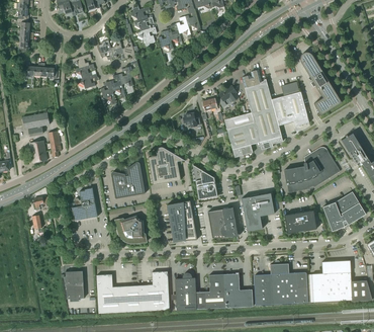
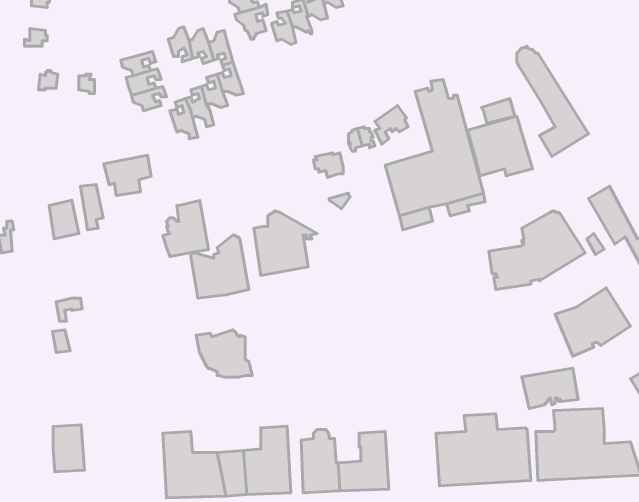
building: [22,111,50,135] -> [104,155,151,195]
building: [192,164,217,198] -> none
building: [72,186,98,219] -> [163,200,208,256]
building: [242,192,274,230] -> none
building: [167,200,197,241] -> none
building: [207,206,237,236] -> none
building: [284,210,316,233] -> [522,368,578,408]
building: [66,270,84,298] -> [53,425,85,472]
building: [224,271,253,307] -> none

